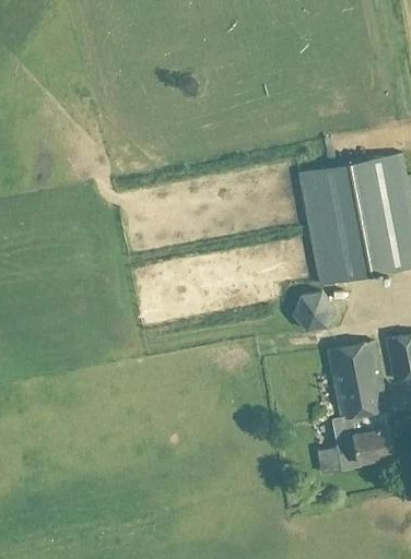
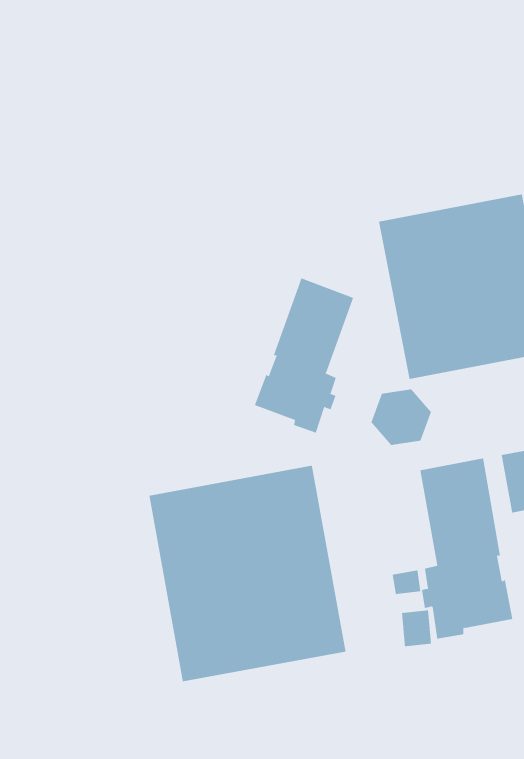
building: none -> [254,277,354,434]
building: none -> [149,465,346,682]

